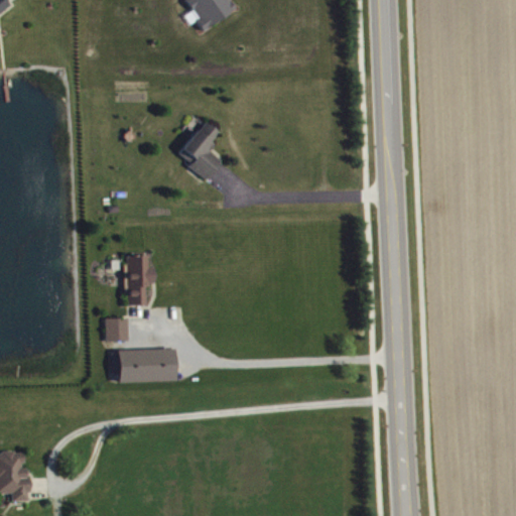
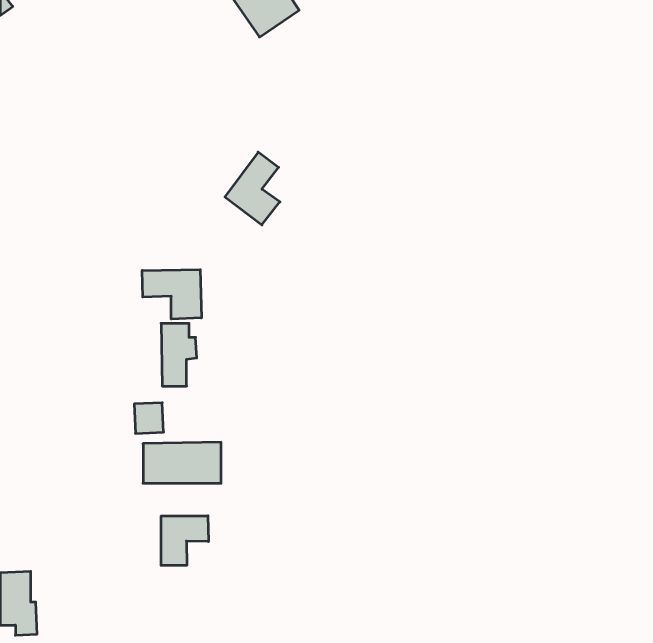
building: none -> [142,270,201,319]
building: none -> [161,516,208,565]

